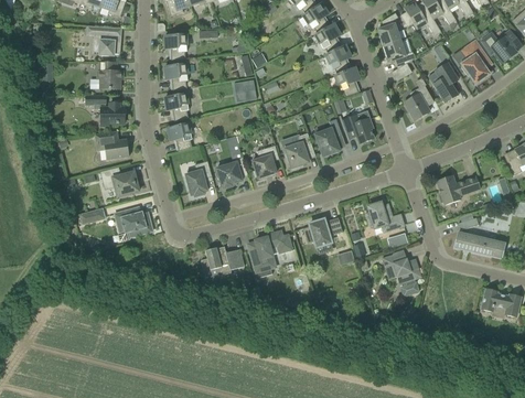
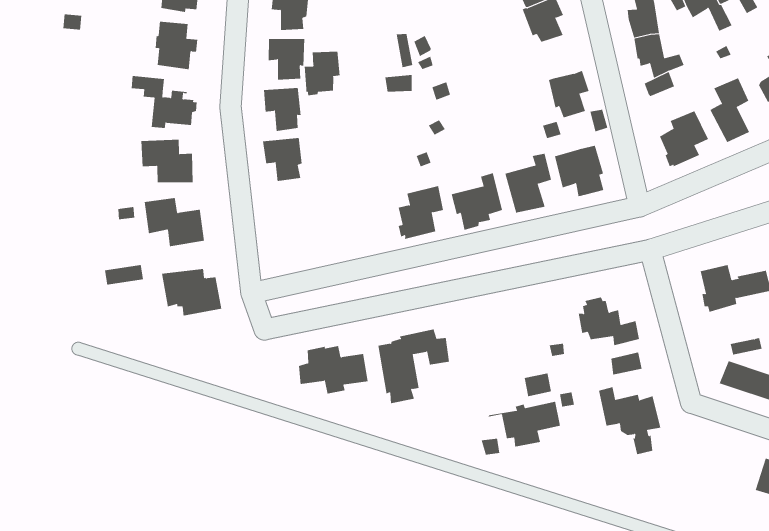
building: [324,45,351,74] -> none
building: none -> [304,51,340,96]
building: [215,157,247,189] -> none
building: [185,161,212,196] -> none
building: [298,217,342,247] -> [488,401,561,447]

